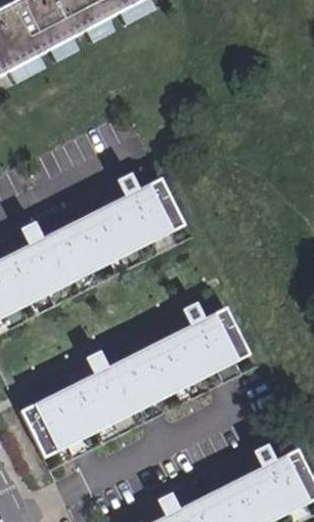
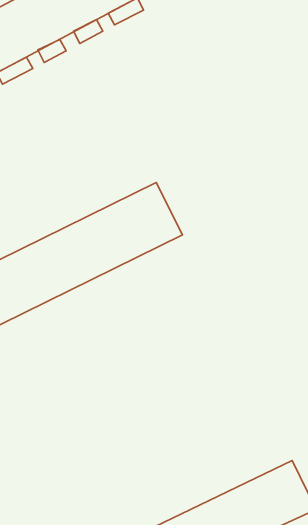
building: [28,309,248,449] -> none

